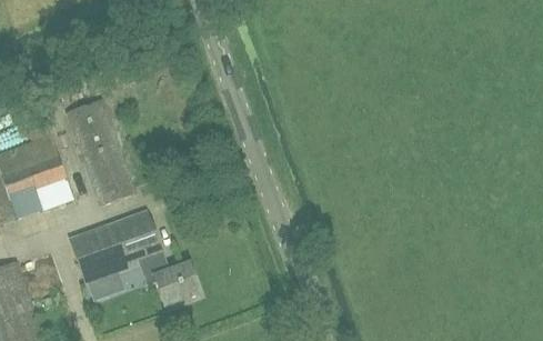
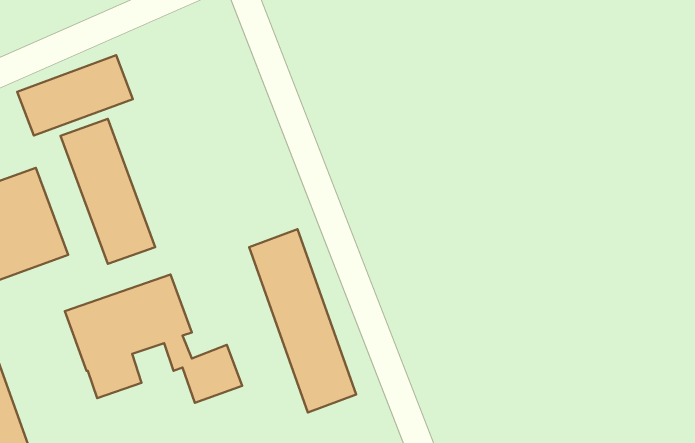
building: none -> [17,55,133,136]
building: none -> [249,229,356,412]

